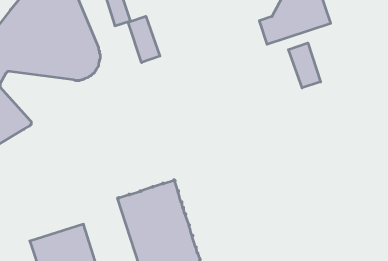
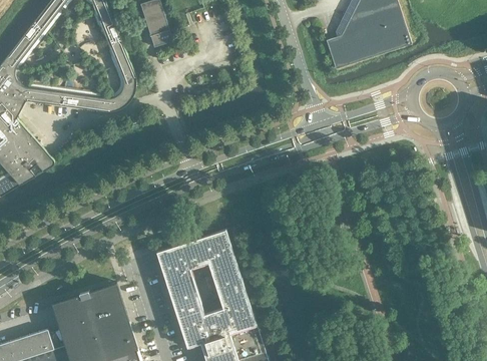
building: [128,16,160,63] -> none
building: [288,43,321,88] -> none

